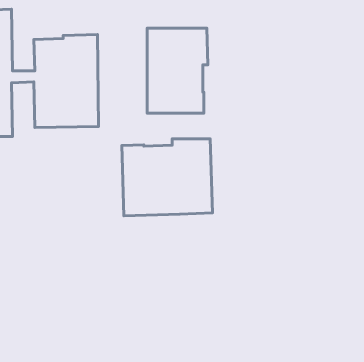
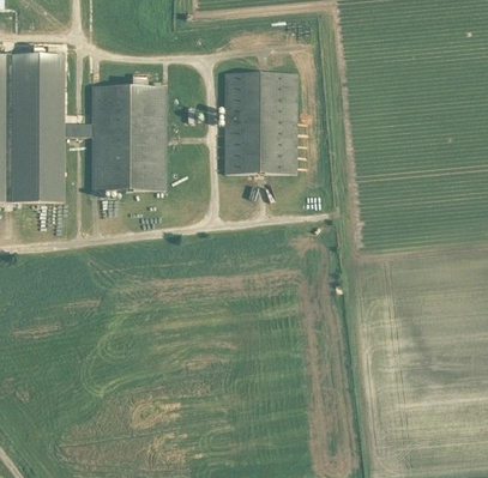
building: [122,139,212,216] -> none

